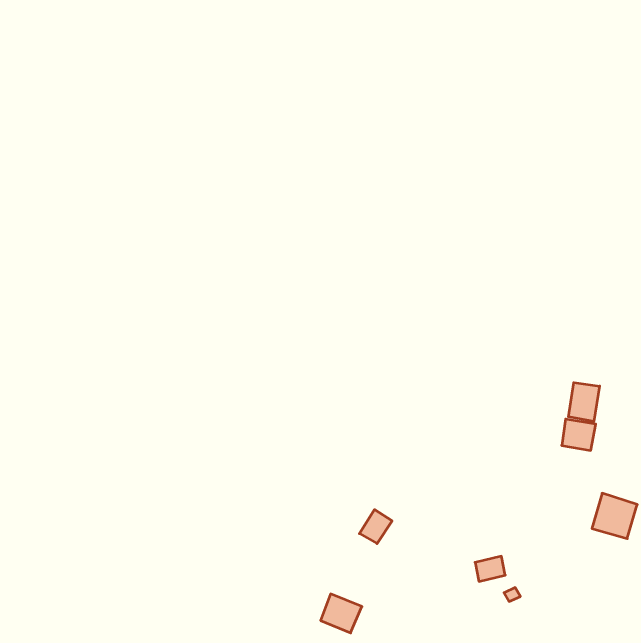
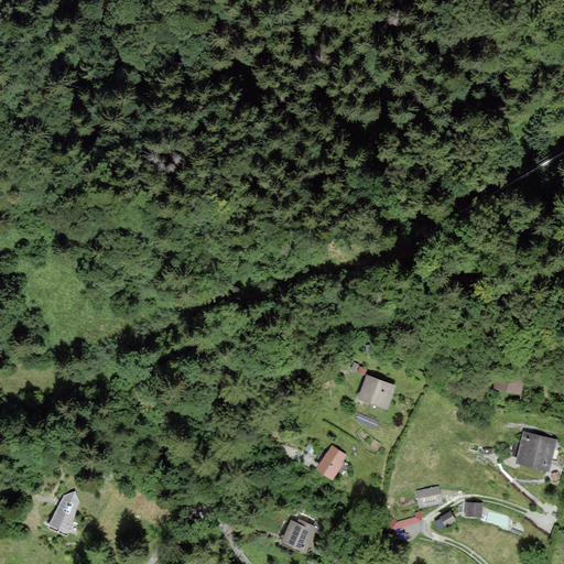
building: [568,383,600,422] -> none
building: none -> [356,373,398,412]
building: none -> [50,492,77,530]

